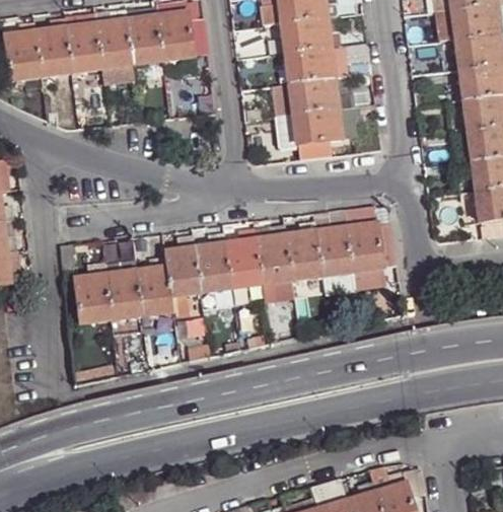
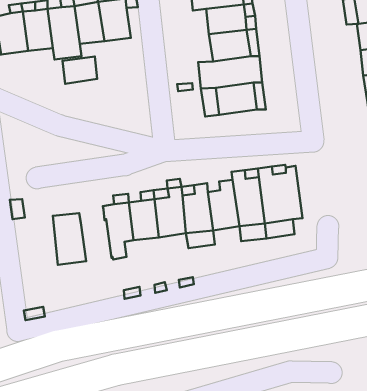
building: none -> [63,56,97,84]
building: [136,259,171,318] -> none
building: [73,266,110,326] -> none

